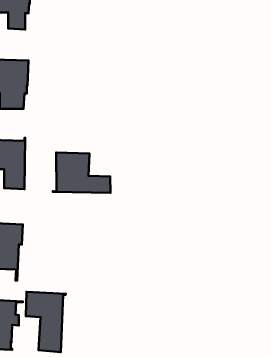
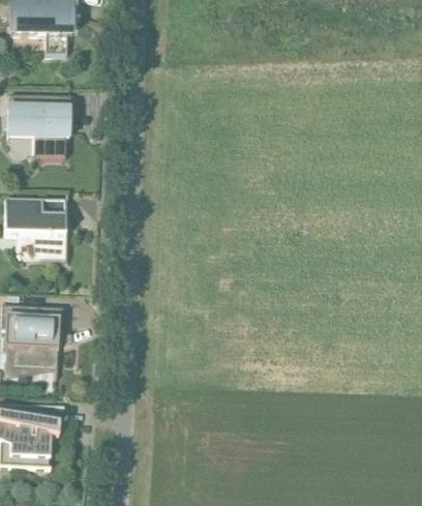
building: [53,153,110,193] -> none
building: [26,292,66,352] -> none

